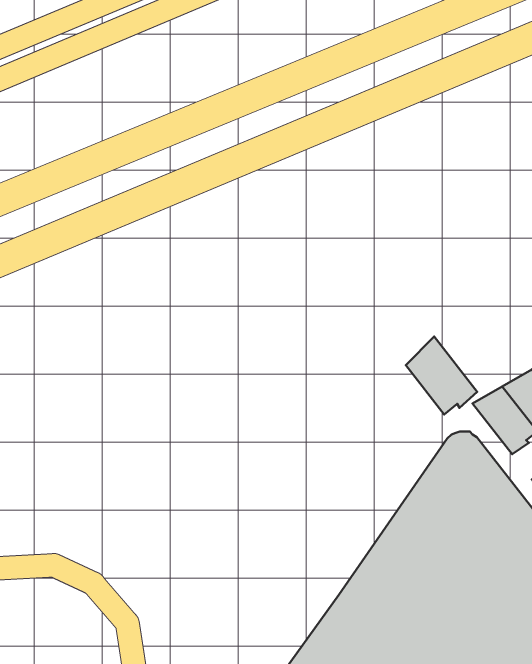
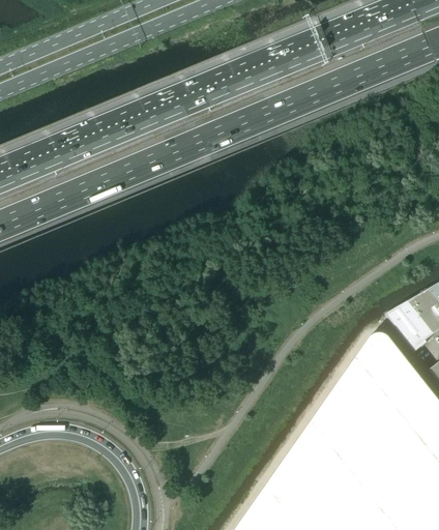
building: [406,336,477,414] -> none

